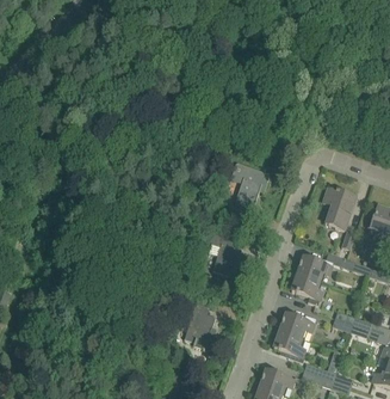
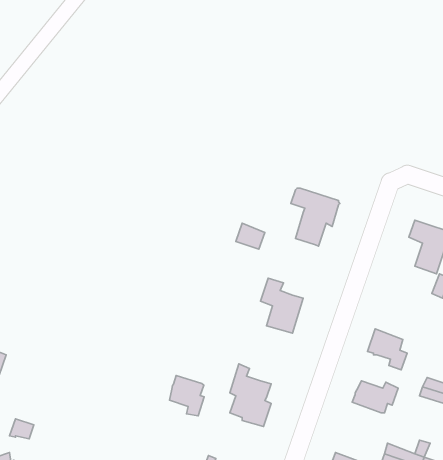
building: [297,254,333,280] -> none
building: none -> [169,375,204,416]
building: [273,329,310,361] -> none

